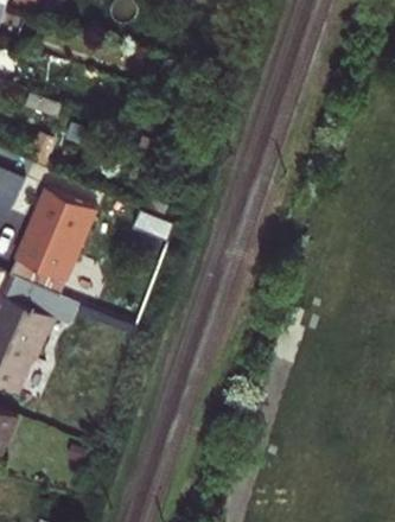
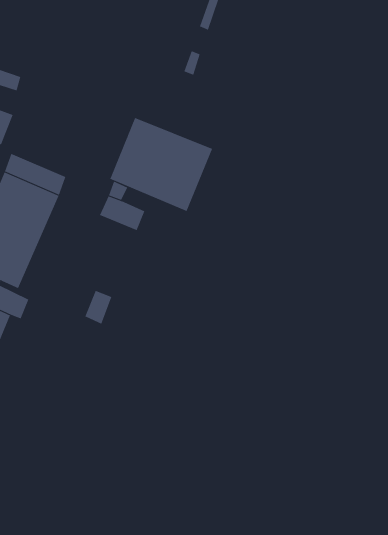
building: none -> [110,117,213,212]

